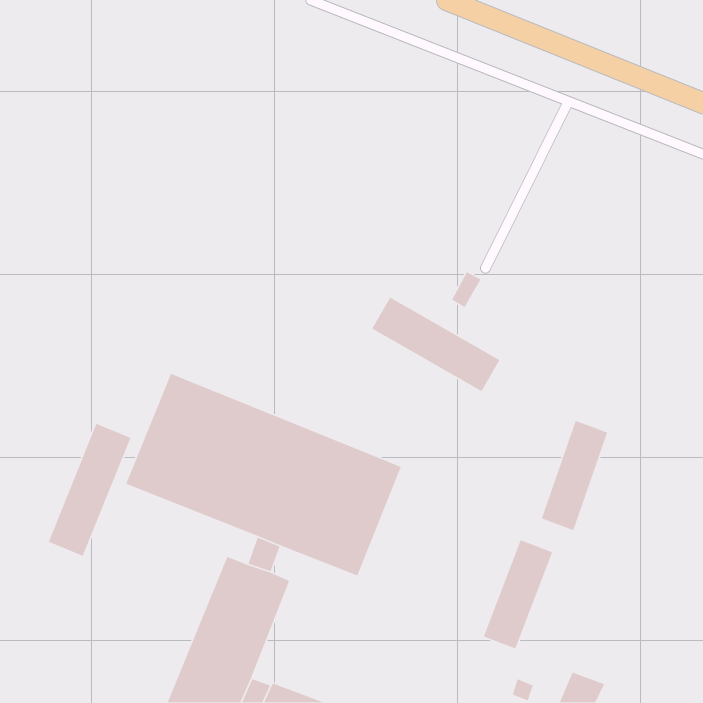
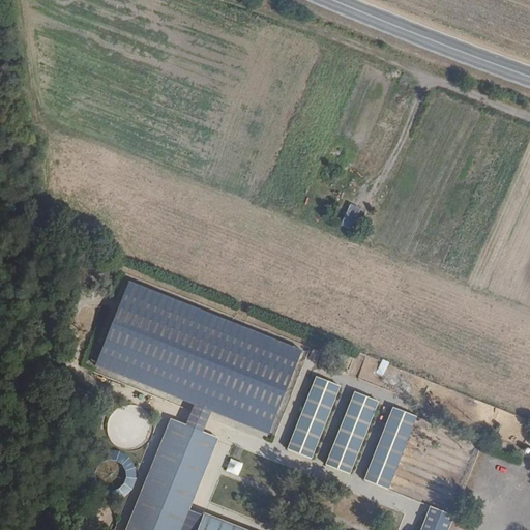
building: [371,297,500,392] -> none
building: [541,420,608,531] -> [326,390,377,474]
building: [48,423,131,557] -> none
building: none -> [287,375,340,459]

